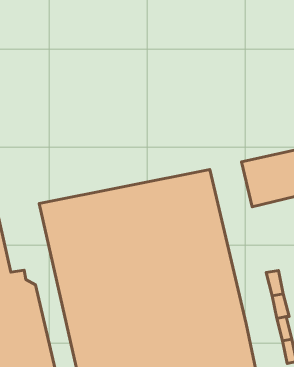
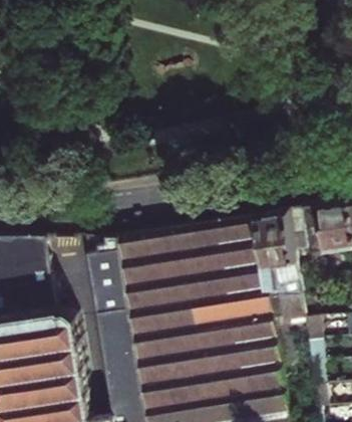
building: none -> [250,216,294,373]

